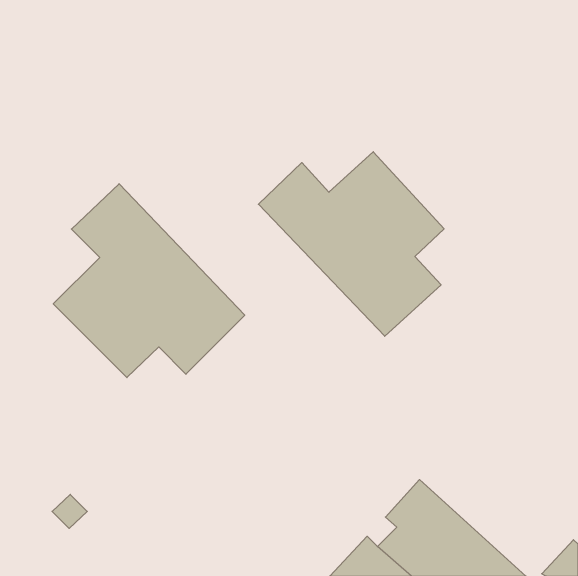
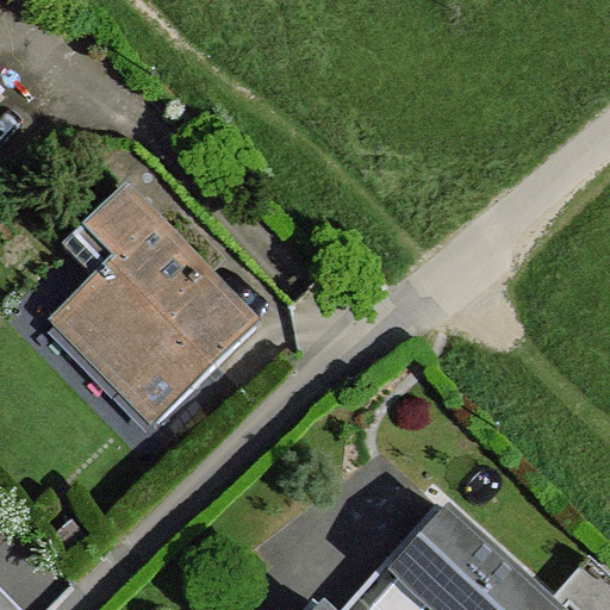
building: [258,152,444,336] -> none

